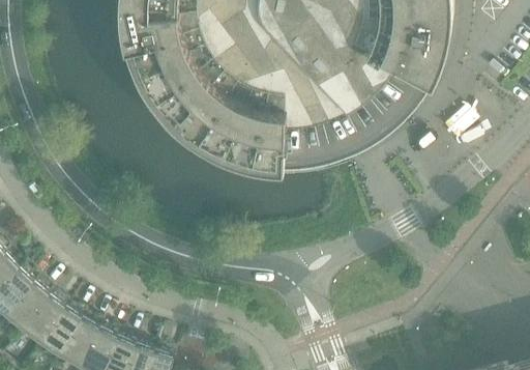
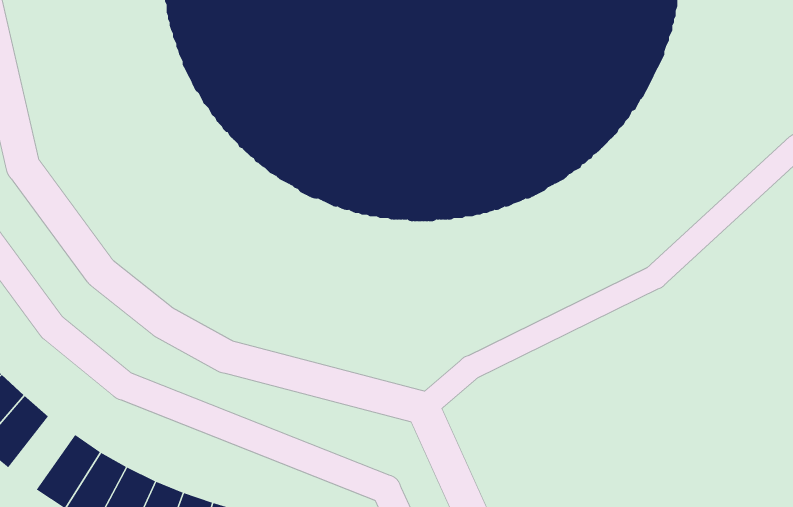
building: [21,294,63,341] -> none

